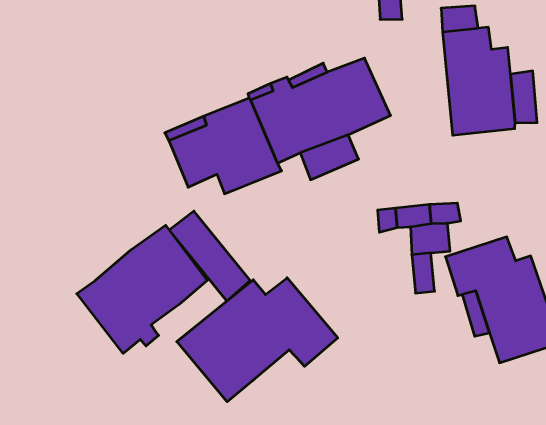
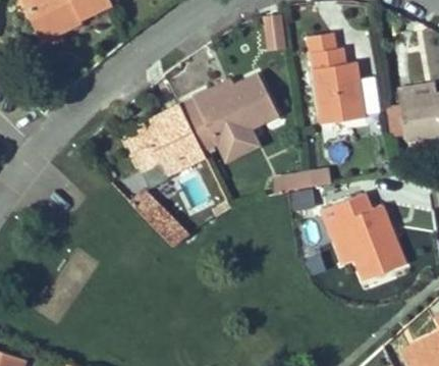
building: [77,225,207,353] -> none
building: [177,278,338,402] -> none

